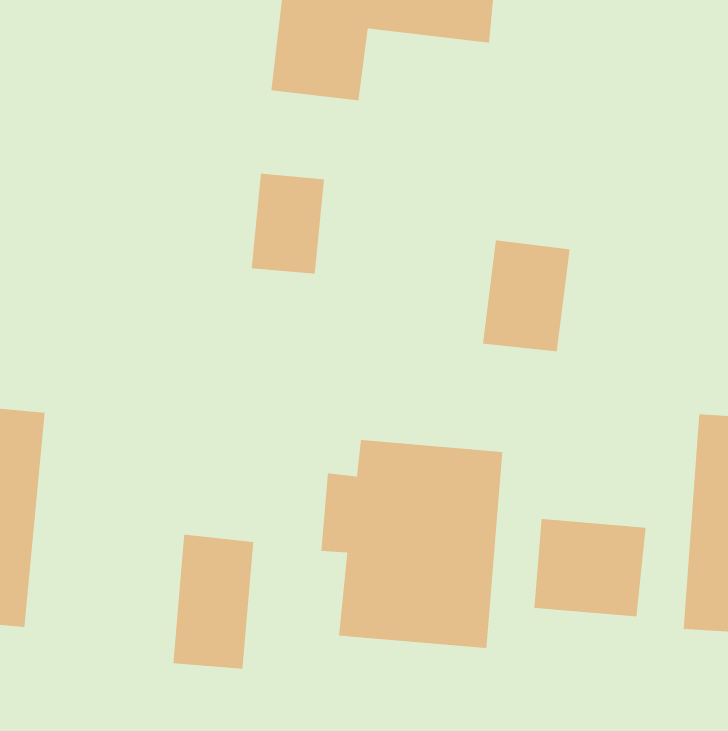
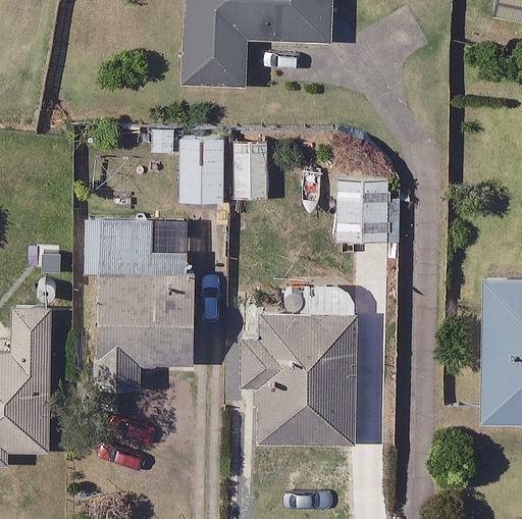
building: none -> [85,220,192,385]
building: [534,518,646,617] -> none
building: [173,534,254,670] -> none

